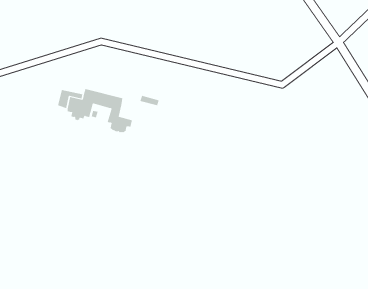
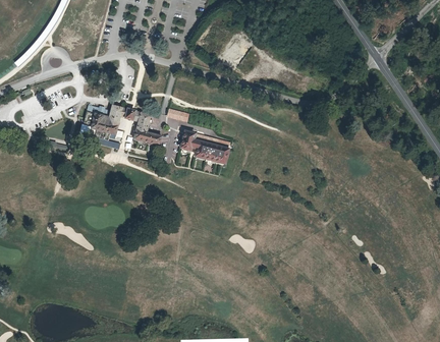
building: none -> [181,135,231,166]

